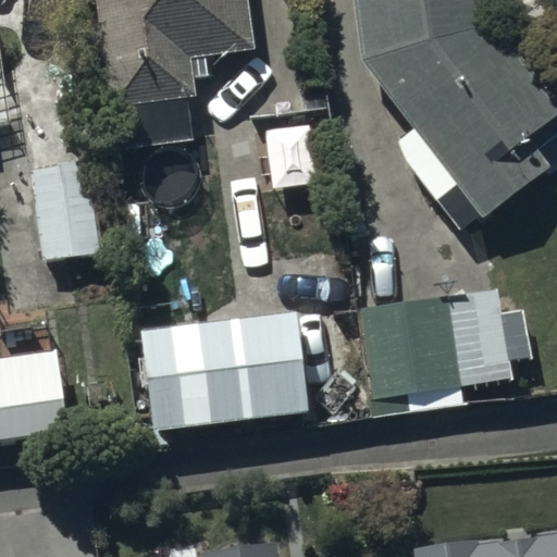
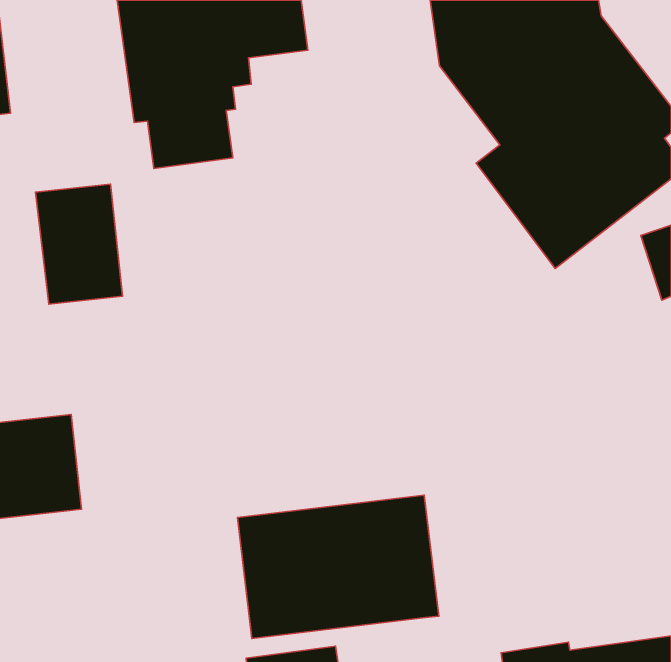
building: [325,290,506,419] -> none
building: [144,309,310,428] -> [237,495,439,639]

